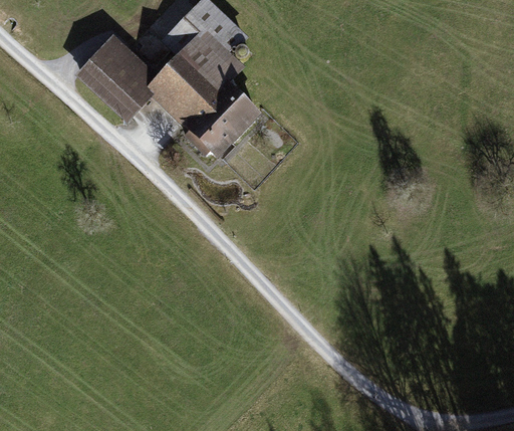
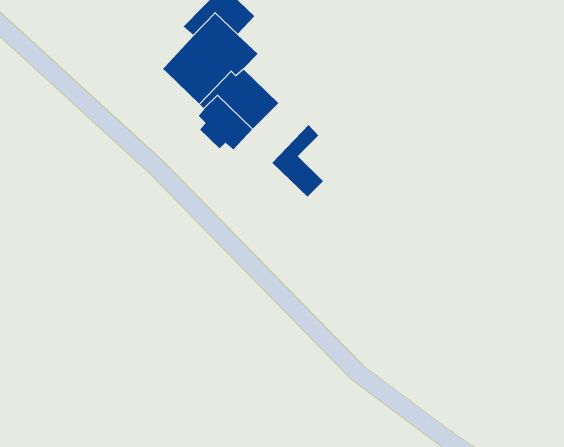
building: [78,36,155,114] -> none
building: none -> [271,124,324,198]

